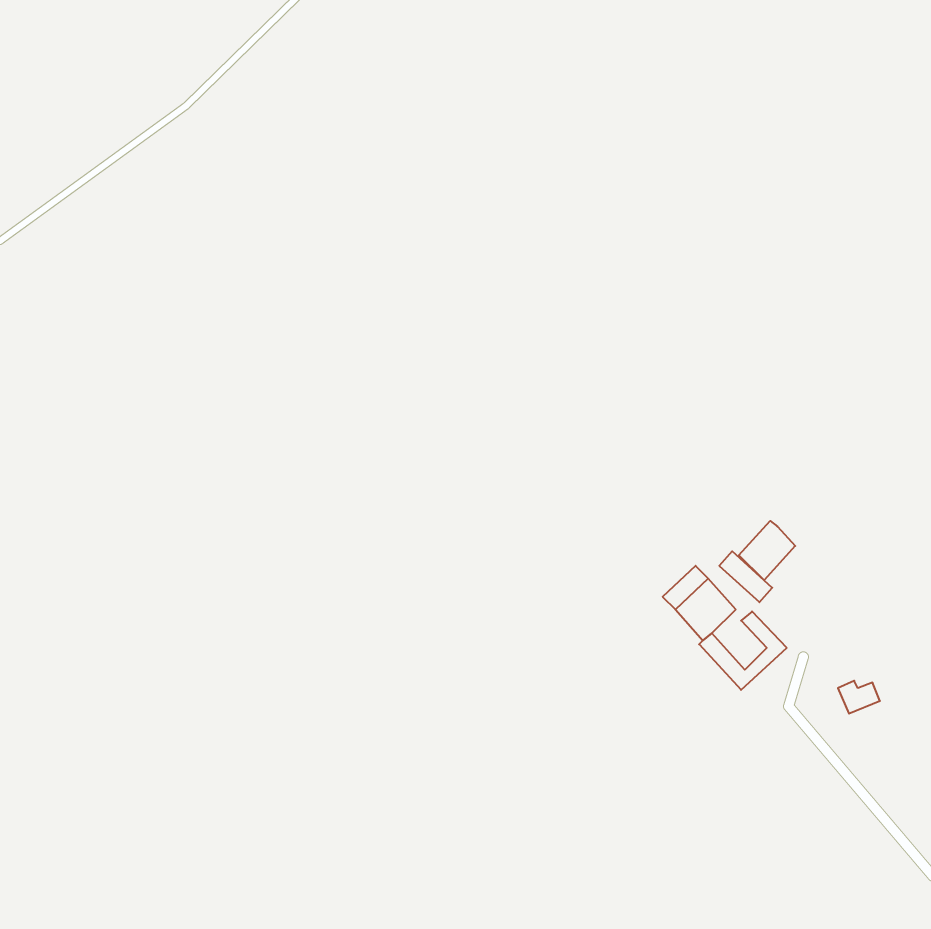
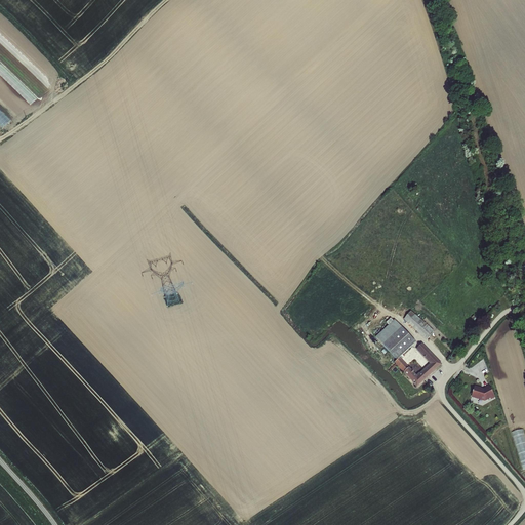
building: [739,521,795,580] -> none

